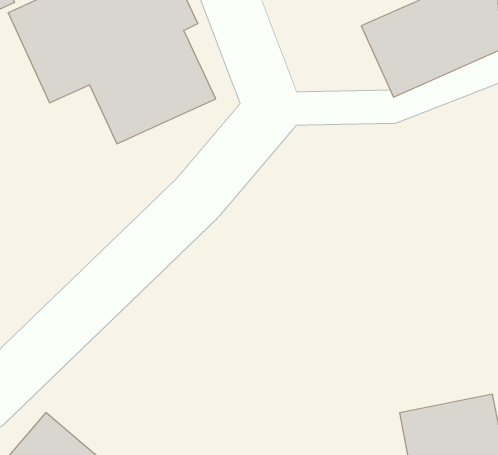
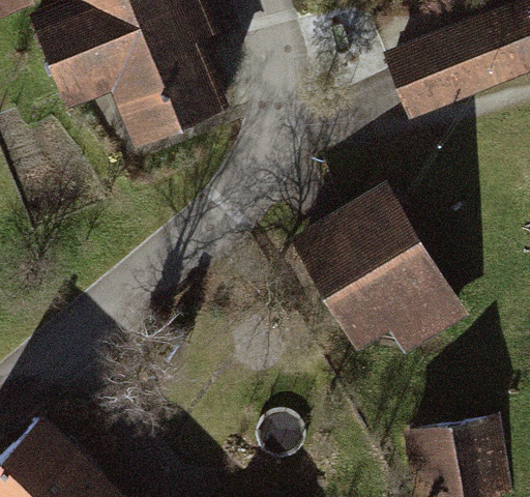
building: none -> [292,184,461,349]

